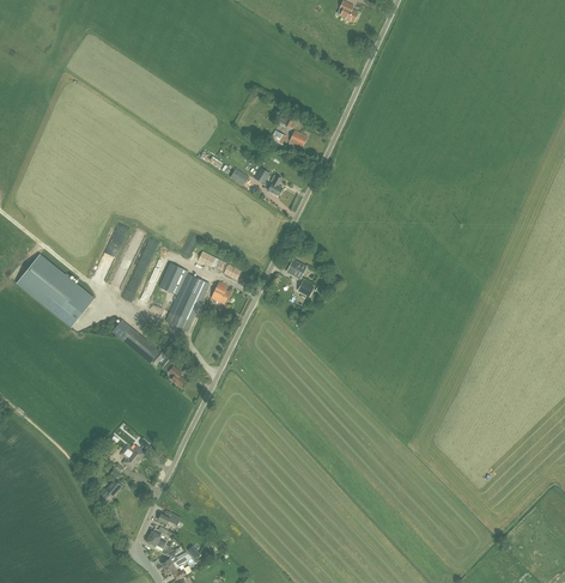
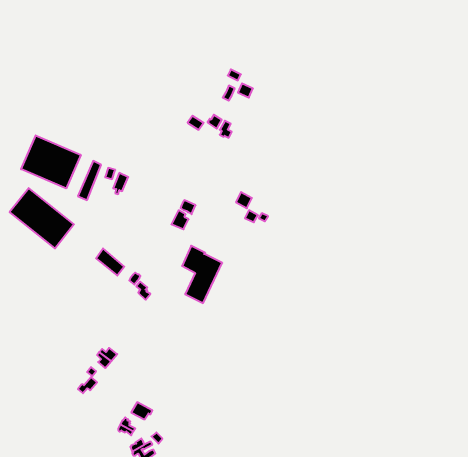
building: none -> [21,135,81,188]
building: [160,262,208,330] -> [182,246,222,303]

